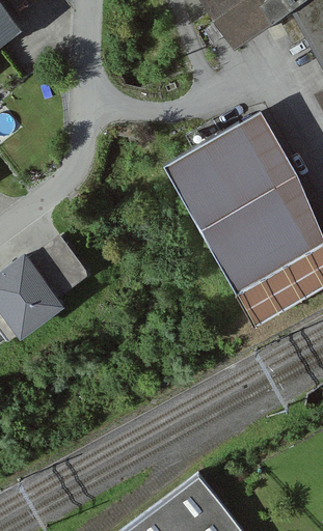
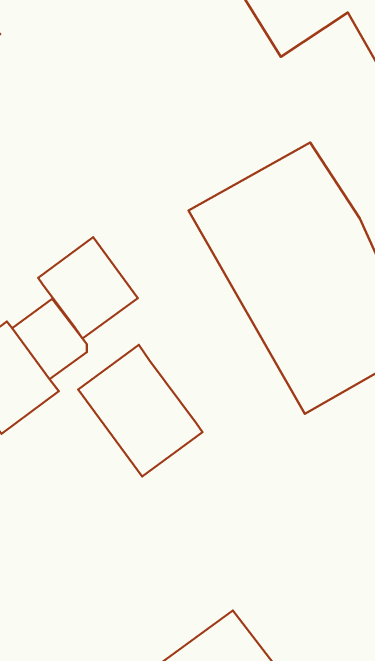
building: none -> [38,237,138,339]
building: none -> [78,345,202,477]

